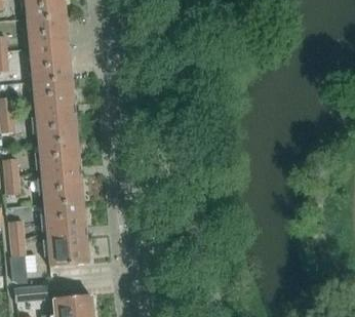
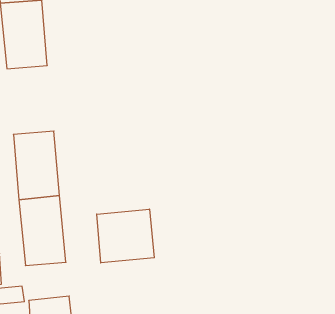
building: [33,78,77,143] -> none
building: none -> [97,209,154,263]

